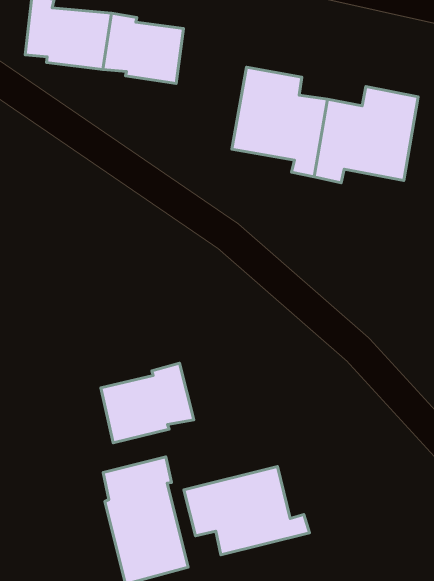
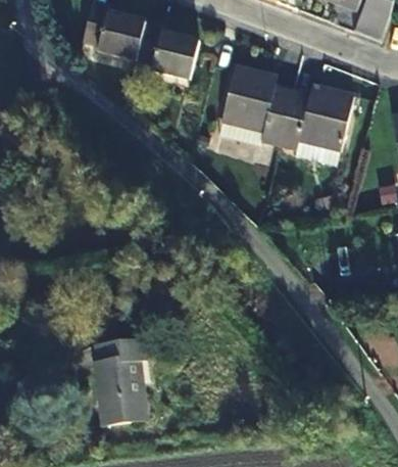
building: [101,363,194,443] -> none
building: [184,466,309,555] -> none

